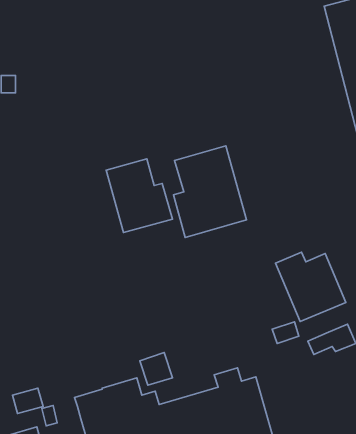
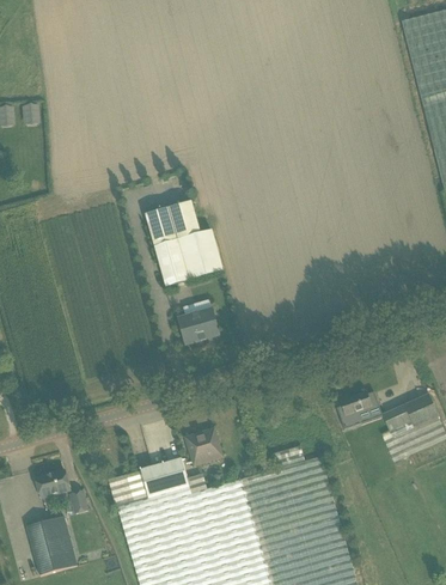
building: [174,146,246,237] -> none
building: none -> [178,309,220,345]
building: [275,252,346,322] -> none

